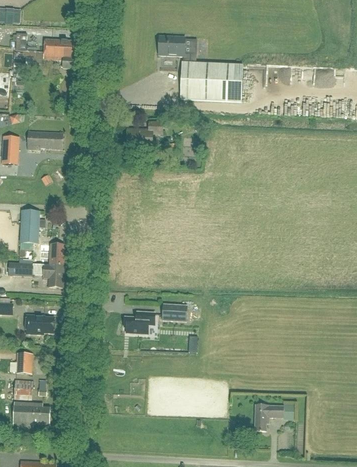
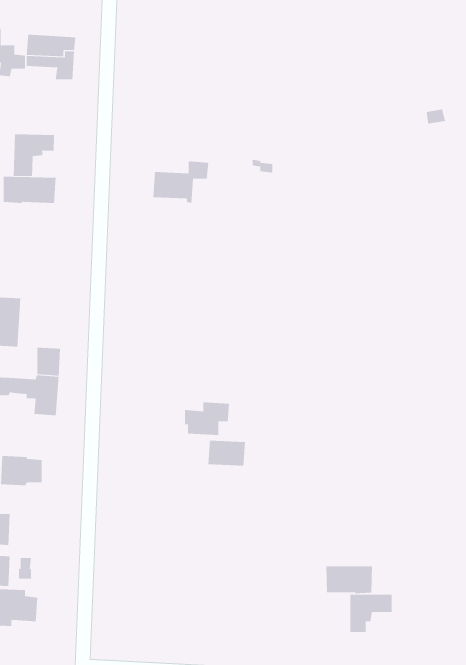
building: [159,36,243,103] -> none
building: none -> [13,133,55,177]
building: [125,311,155,333] -> [184,402,230,435]
building: none -> [326,566,372,594]

